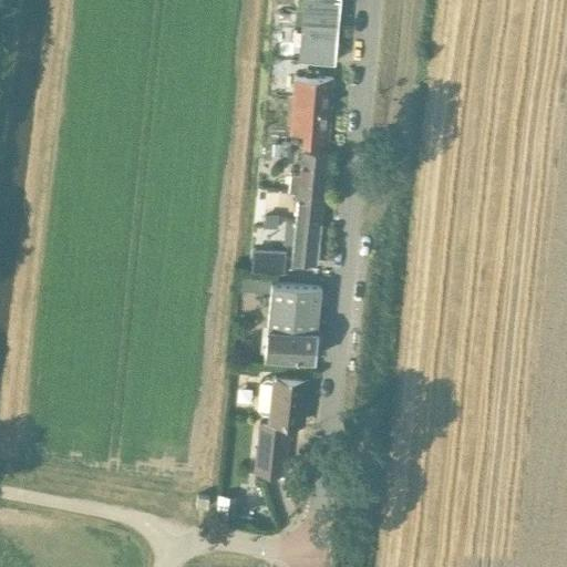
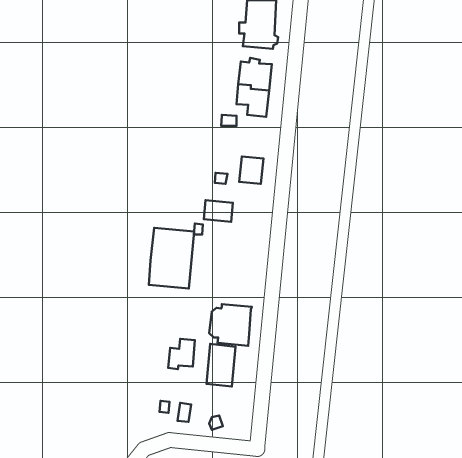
building: [297,152,327,199] -> none
building: [290,228,320,267] -> none
building: [265,288,320,362] -> [149,228,194,288]
building: none -> [168,339,195,369]

